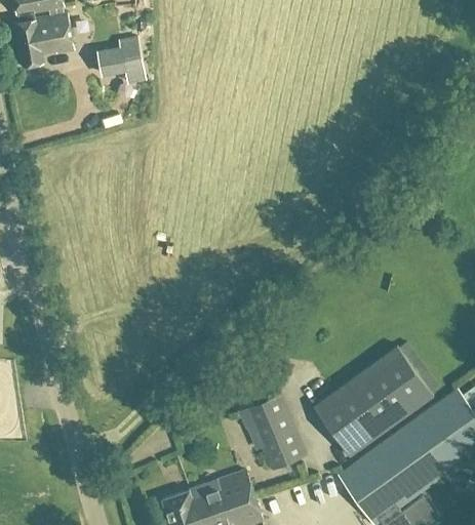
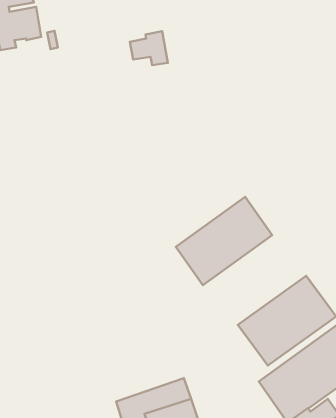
building: [97,39,145,81] -> [130,31,168,65]
building: none -> [176,197,272,285]
building: [239,394,308,470] -> none

